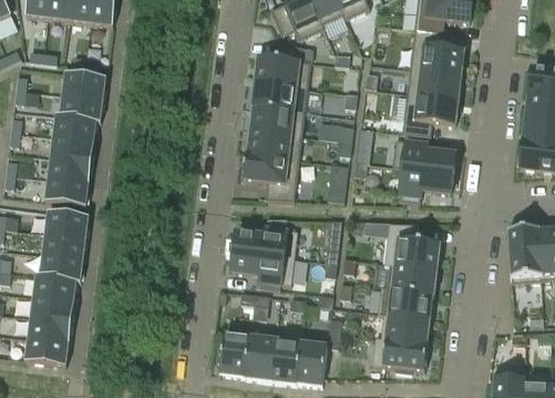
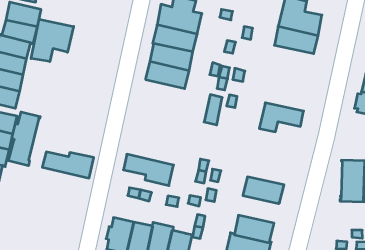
building: none -> [31,19,74,62]
building: [401,92,458,135] -> none
building: [391,139,454,172] -> none
building: [243,151,298,200] -> none
building: none -> [9,112,40,166]
building: [383,223,439,268] -> none
building: [233,227,297,257] -> [42,152,94,178]
building: [378,286,432,318] -> none

